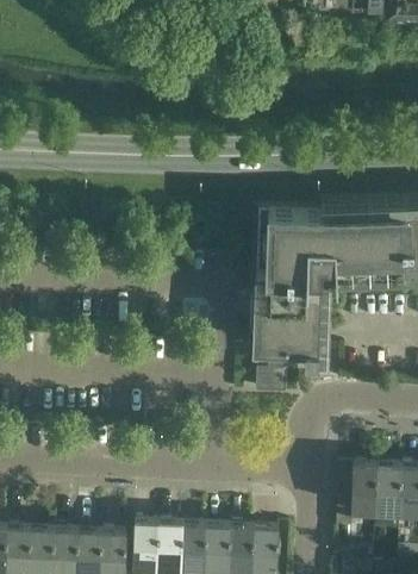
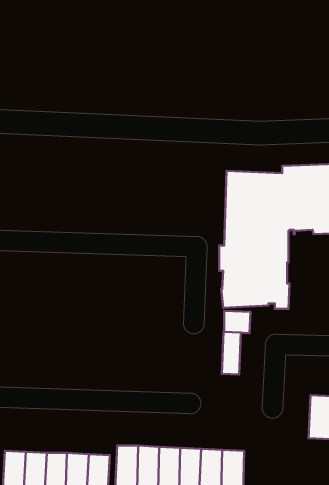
building: none -> [222,332,241,374]

